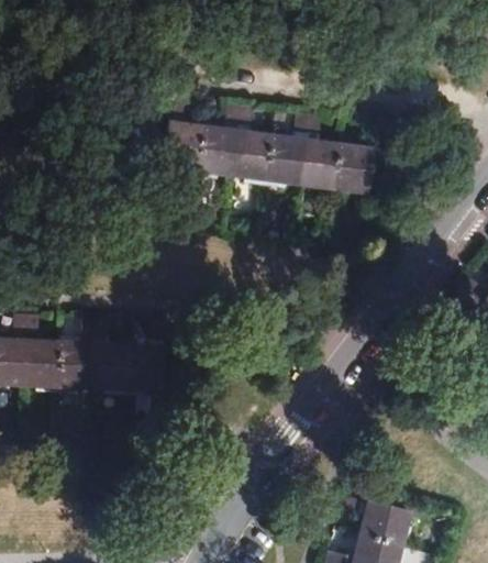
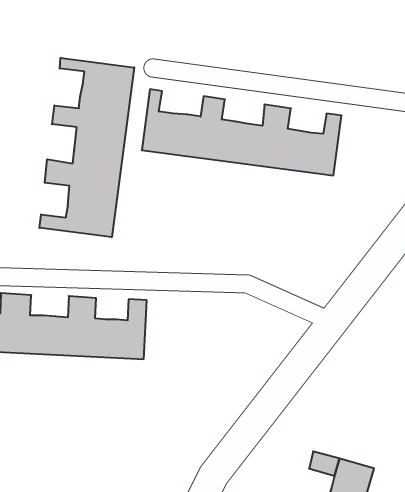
building: none -> [39,58,134,237]

